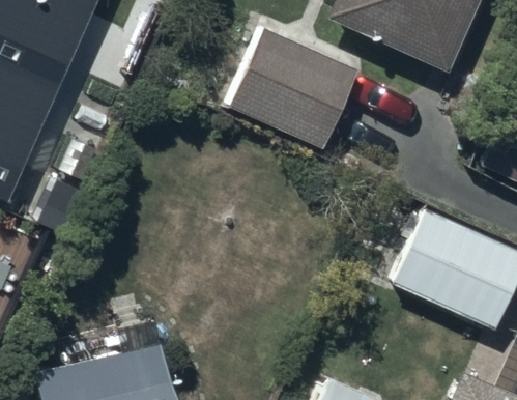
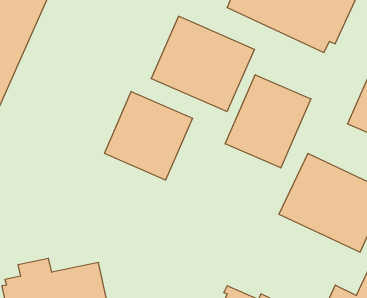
building: none -> [225,75,311,168]
building: none -> [104,91,192,180]

